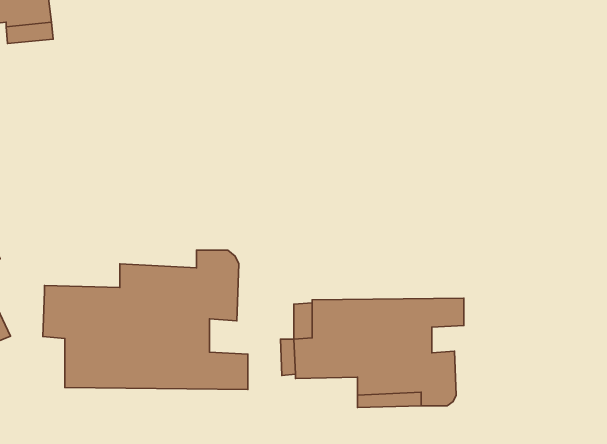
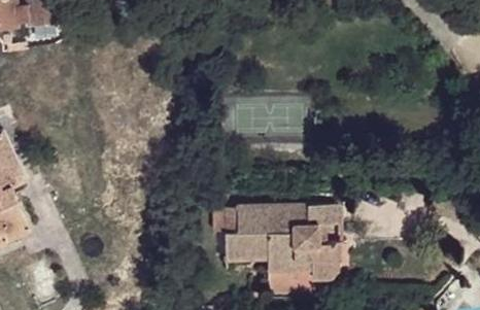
building: [43,250,248,389] -> none

